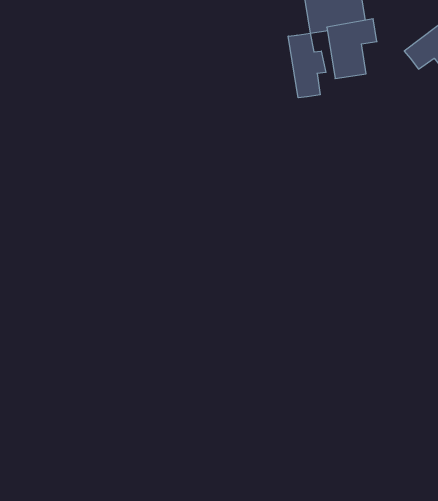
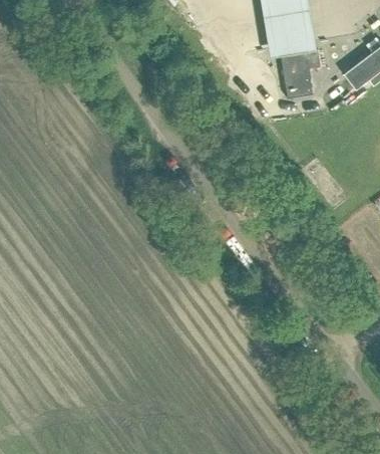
building: [288,33,326,98] -> none

